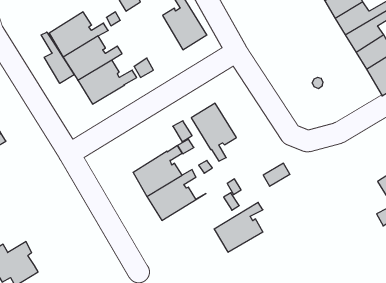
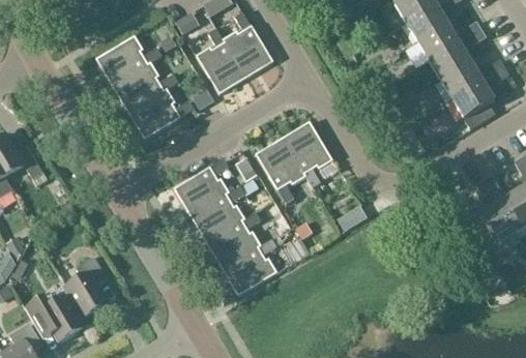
building: none -> [197,27,246,93]
building: [41,32,74,83] -> none
building: none -> [283,120,333,186]
building: none -> [174,158,229,214]
building: [214,202,263,252] -> [223,238,277,294]
building: none -> [65,256,108,319]

